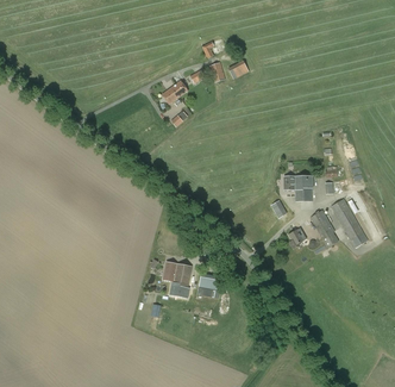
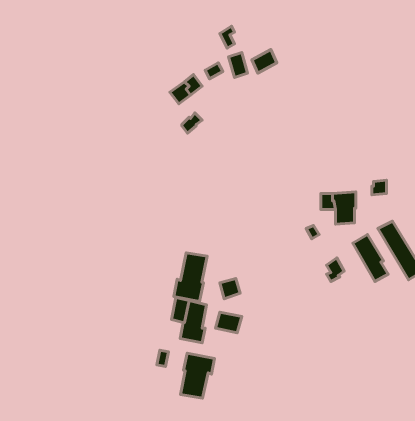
building: none -> [174,253,207,302]
building: none -> [180,353,215,398]

